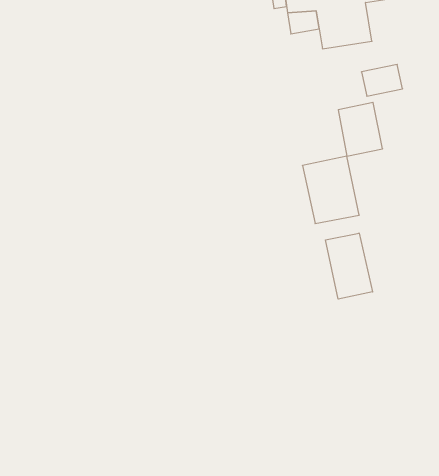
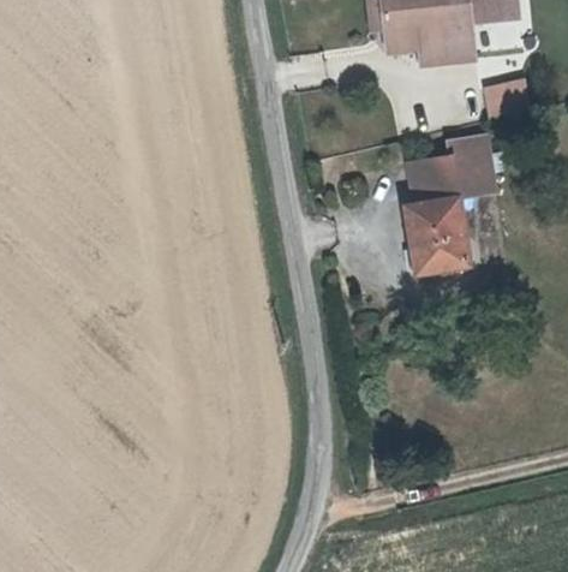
building: none -> [403,151,454,202]
building: [326,233,373,299] -> none

